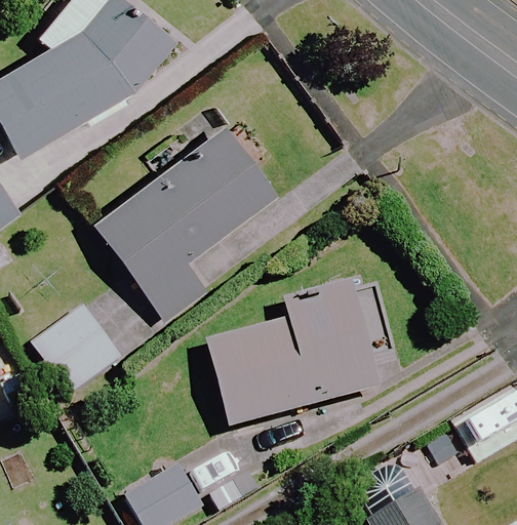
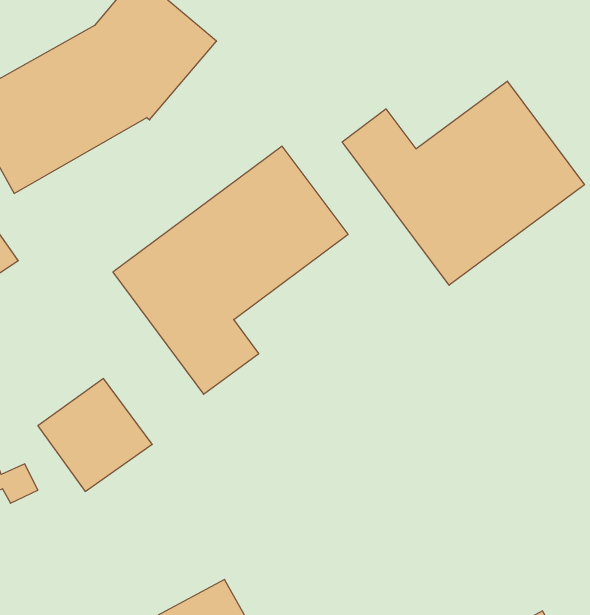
building: none -> [342,81,584,285]
building: [208,278,383,427] -> none

